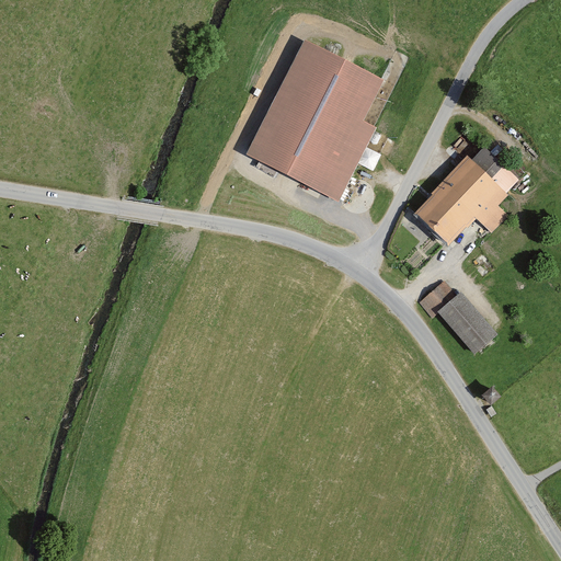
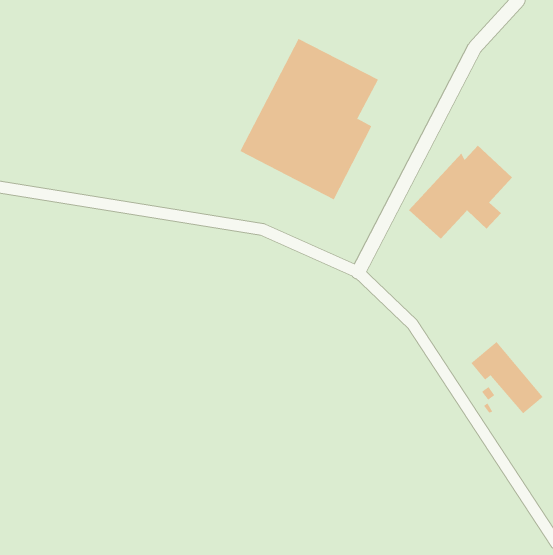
building: [421,280,494,354] -> [471,341,544,414]

